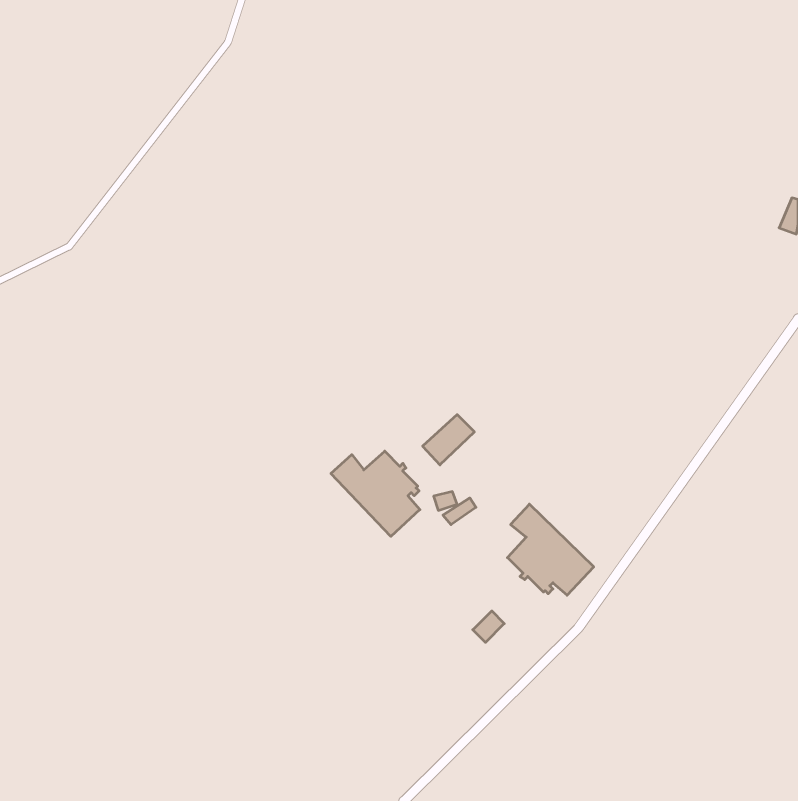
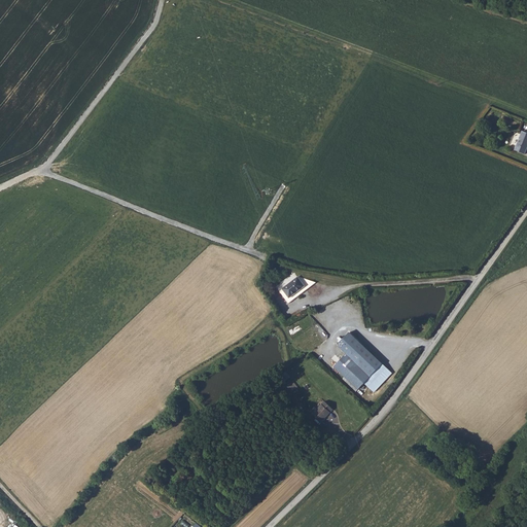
building: [331,451,420,536] -> none

